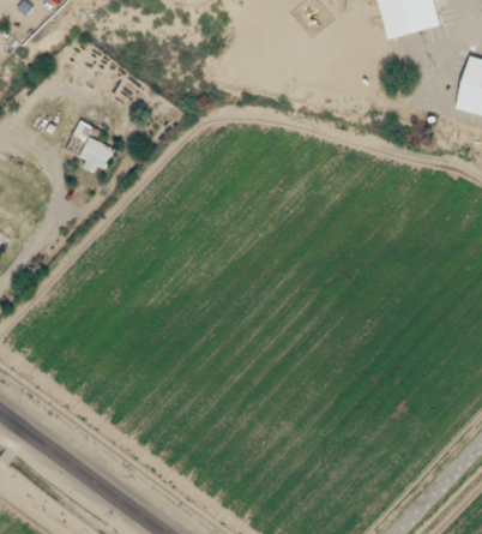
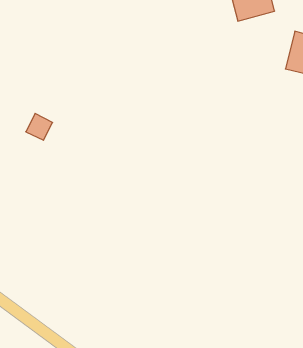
building: [79,131,118,169] -> [26,113,53,140]

